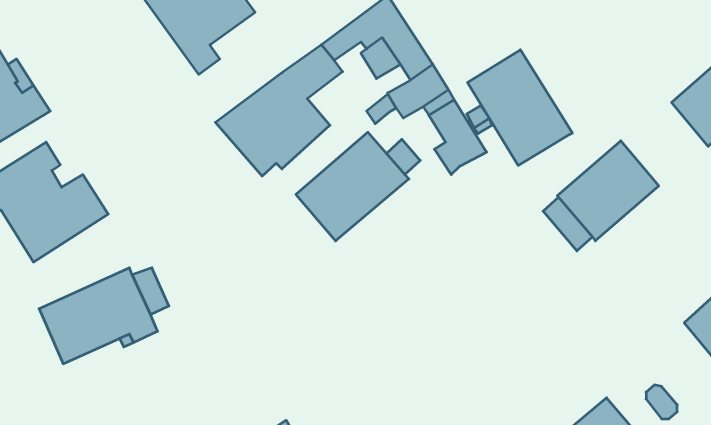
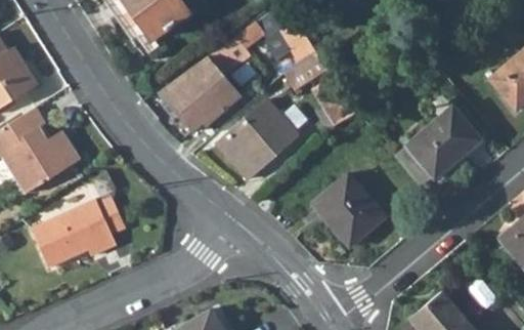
building: [468,50,572,165] -> none
building: none -> [313,173,384,246]

